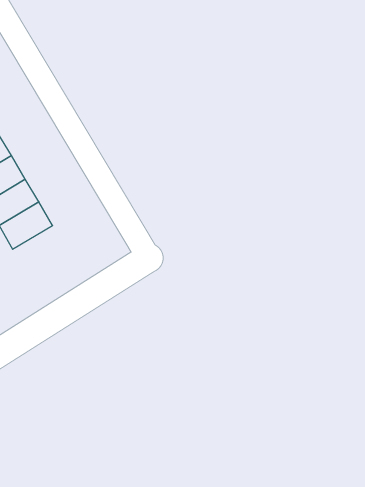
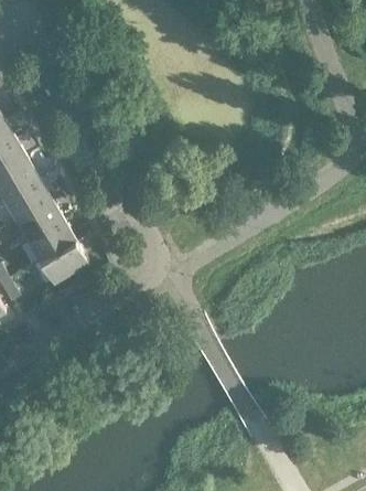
building: none -> [40,241,87,284]

